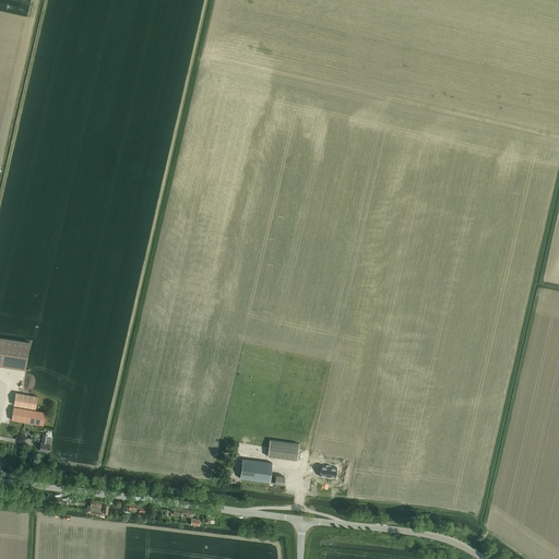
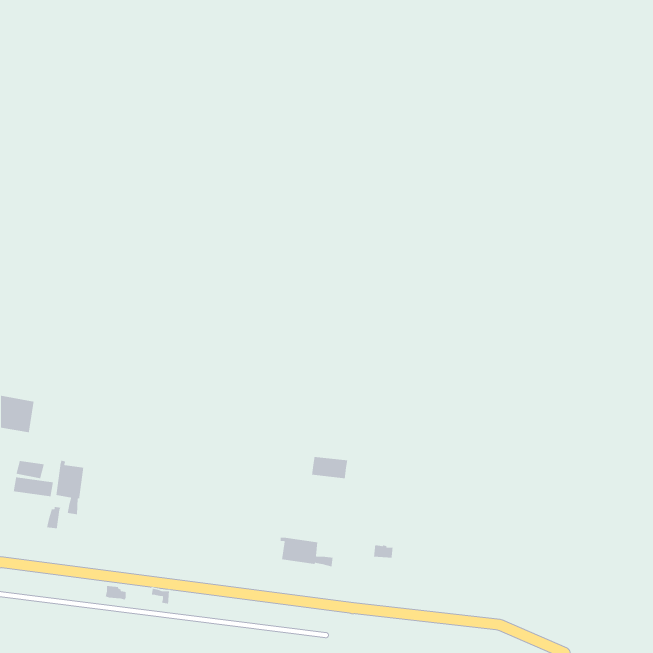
building: none -> [56,460,84,515]
building: [267,440,299,460] -> [311,456,348,479]

